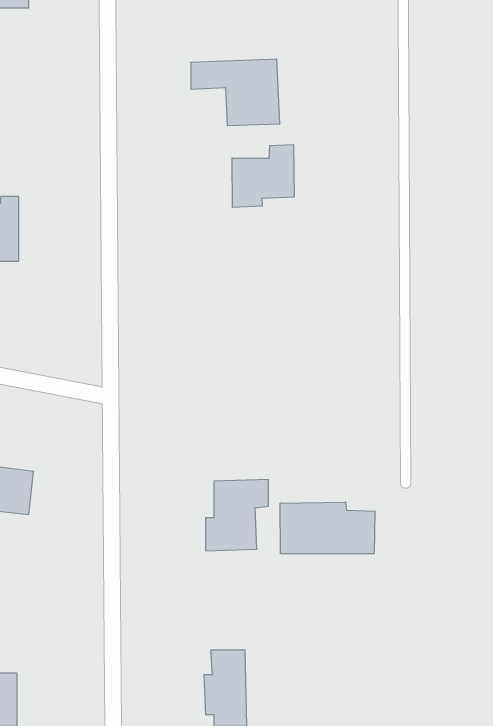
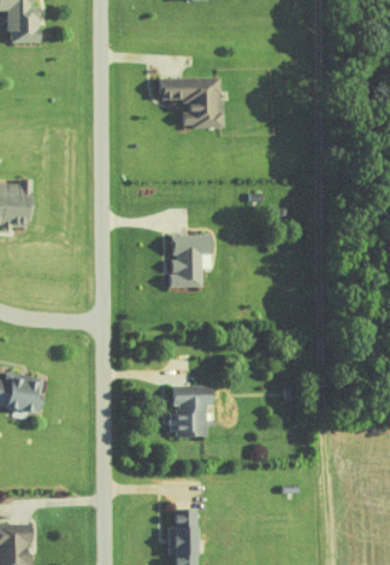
building: [232,145,294,207] -> none
building: none -> [171,241,214,286]
building: [280,502,375,554] -> none

